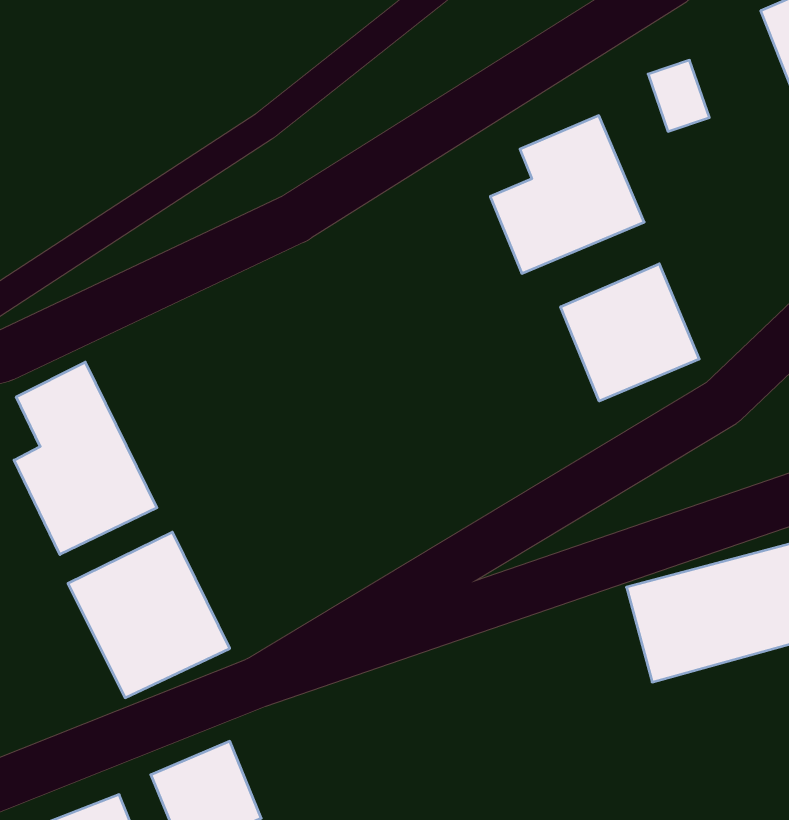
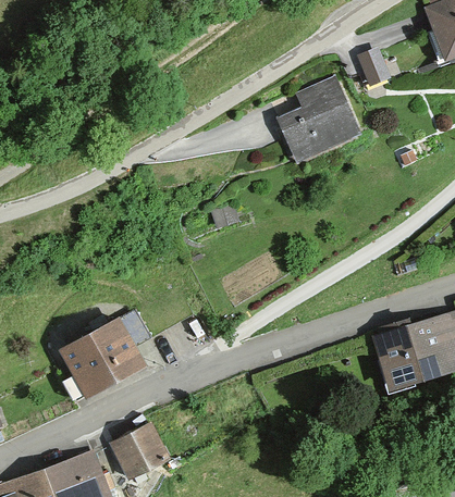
building: [561,264,699,401] -> none
building: [14,362,157,555] -> none

